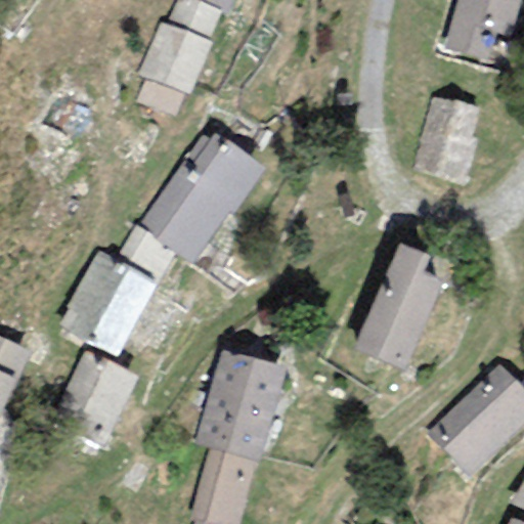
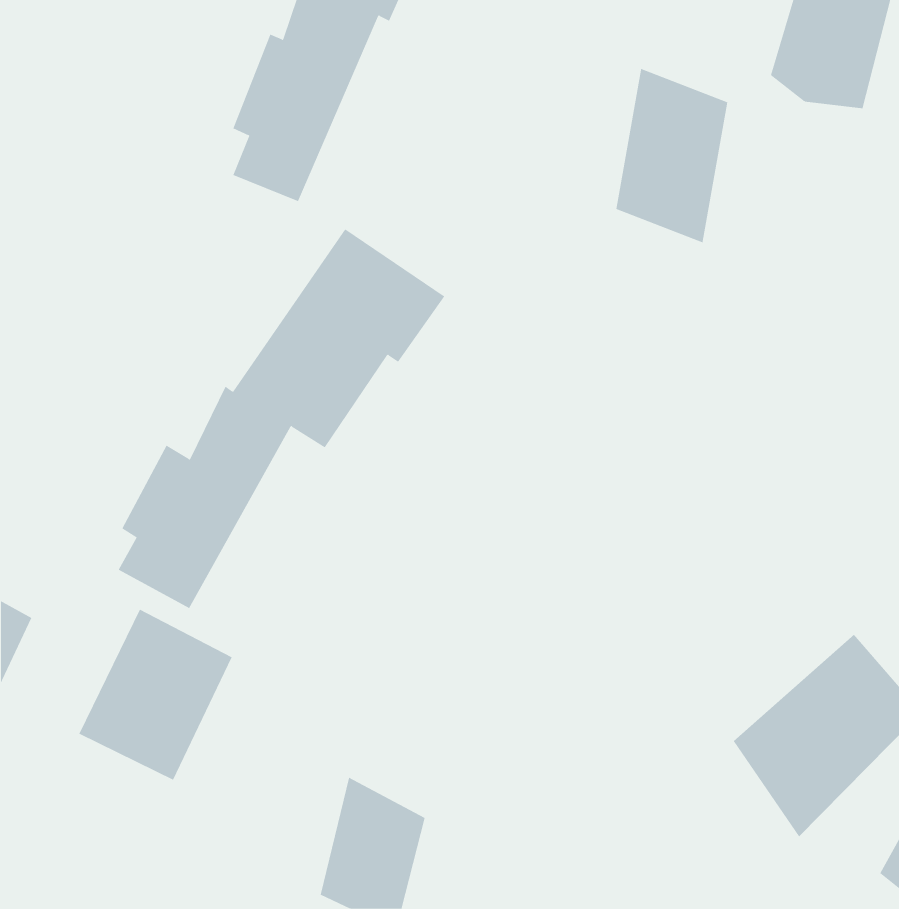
building: [421,90,485,190] -> [616,68,728,243]
building: [357,241,442,360] -> none
building: [201,343,278,464] -> none

